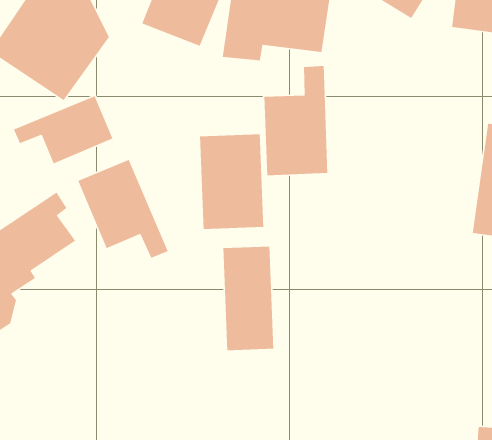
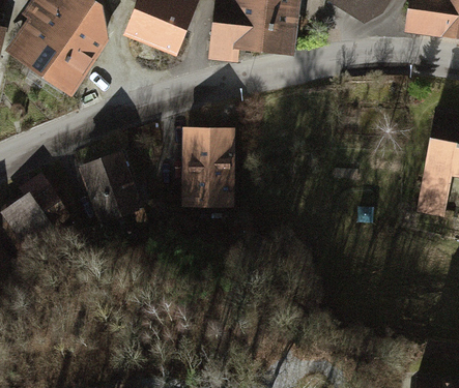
building: [264,65,328,176] -> none
building: [13,95,114,164] -> none
building: [222,246,274,351] -> none

